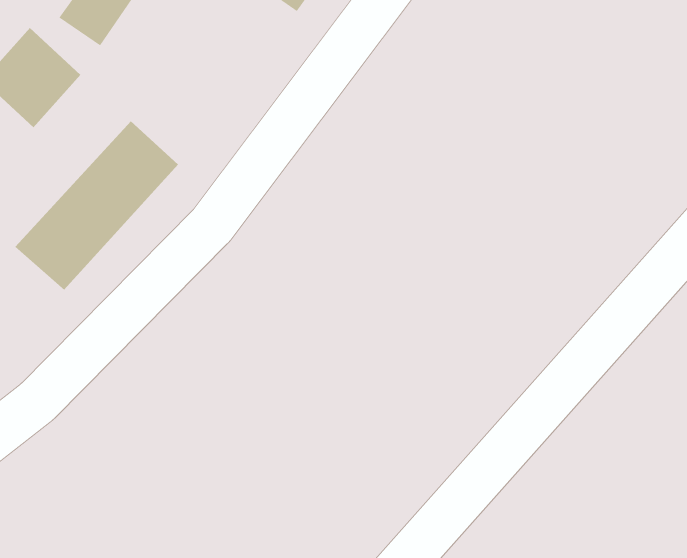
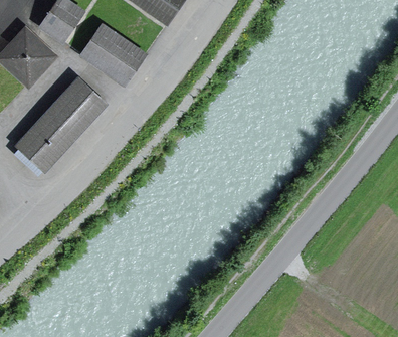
building: none -> [81,27,144,86]

